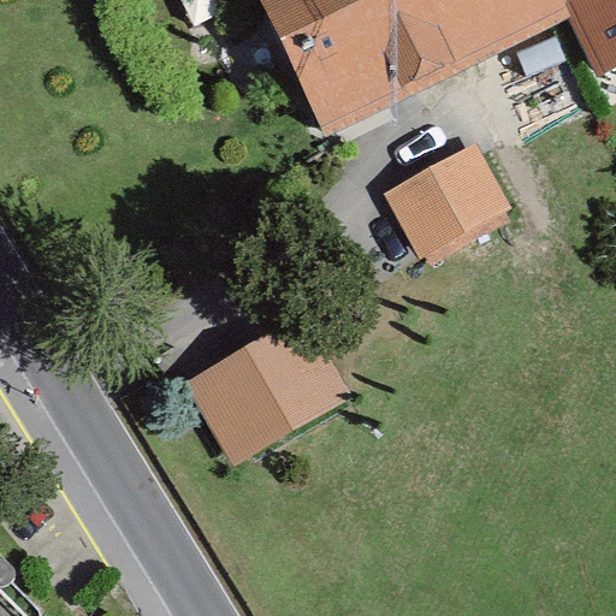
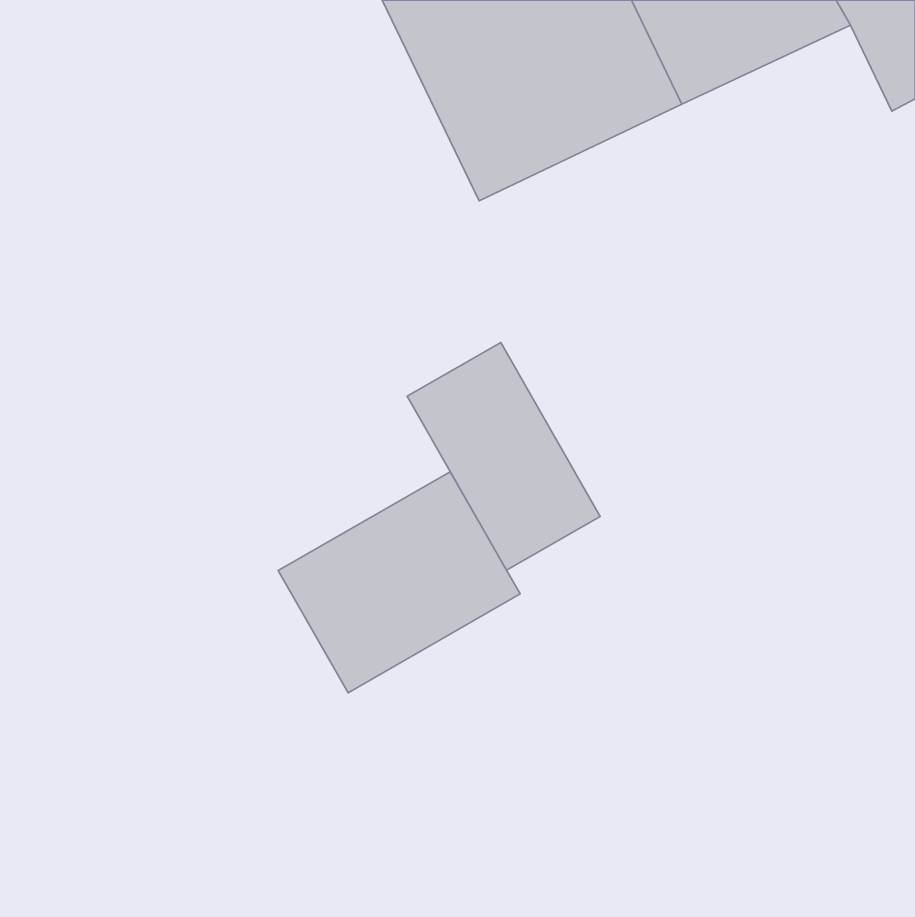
building: [383,143,511,257] -> none
building: none -> [407,343,600,570]

